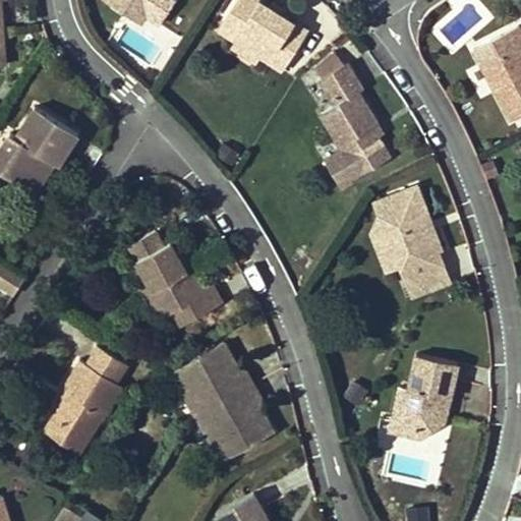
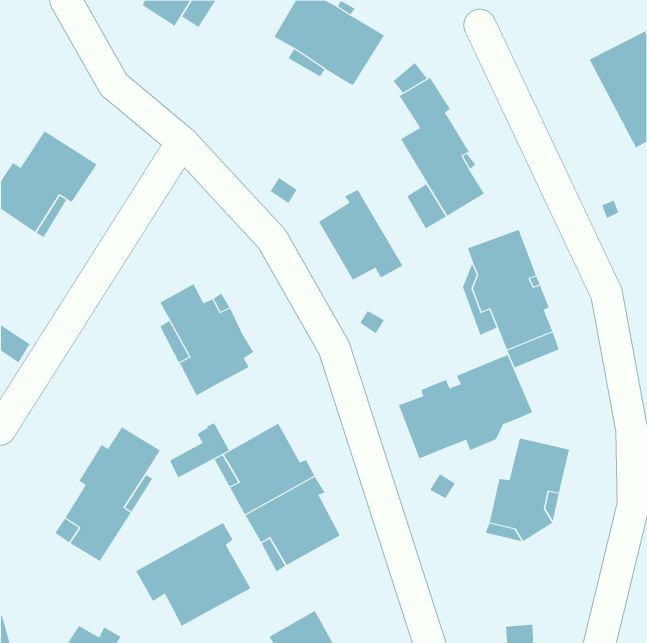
building: none -> [318,189,403,281]
building: [174,282,223,327] -> [169,423,230,478]
building: none -> [398,354,533,459]
building: none -> [136,522,251,626]

